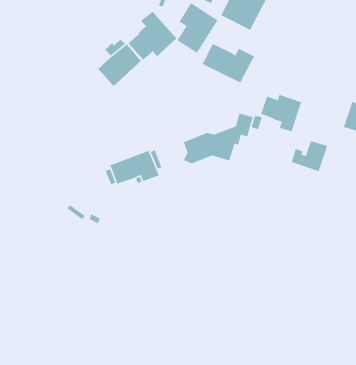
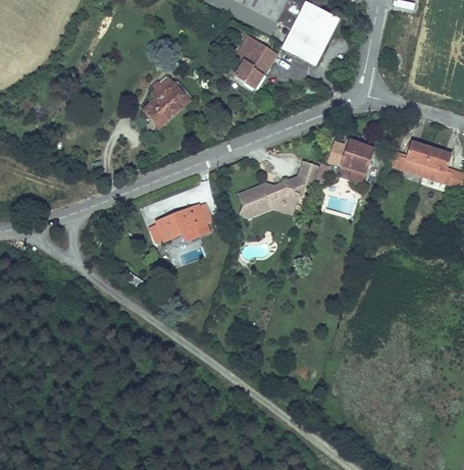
building: [128,11,177,61] -> none
building: [201,43,255,84] -> none
building: [291,140,328,172] -> [390,140,432,176]

